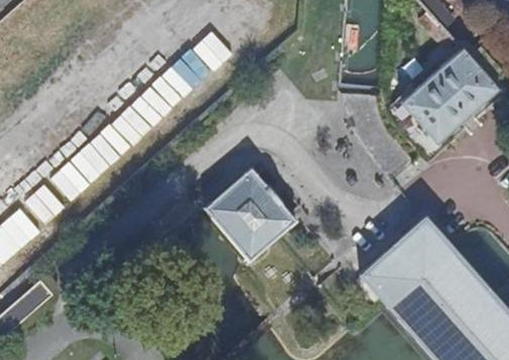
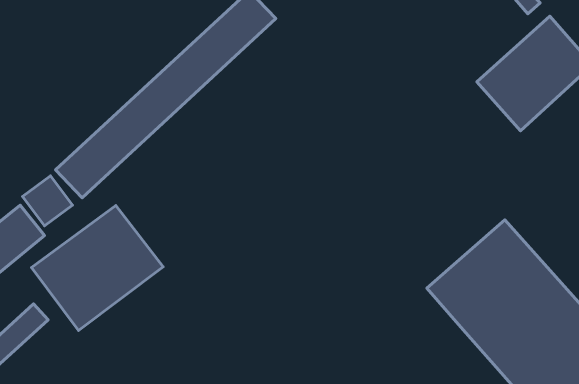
building: [197,167,297,265] -> none
building: none -> [32,205,163,330]

